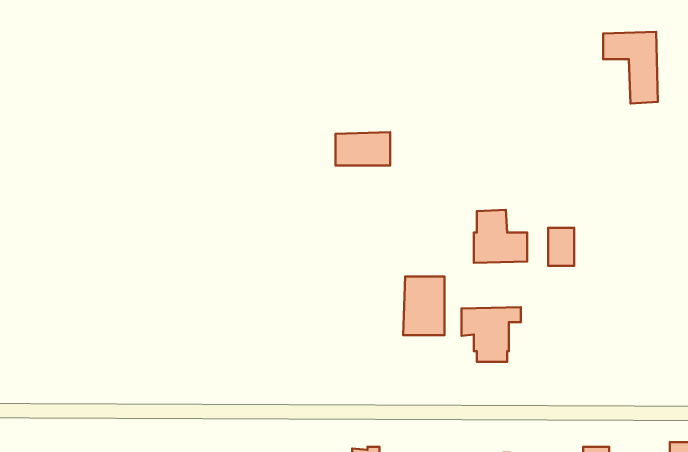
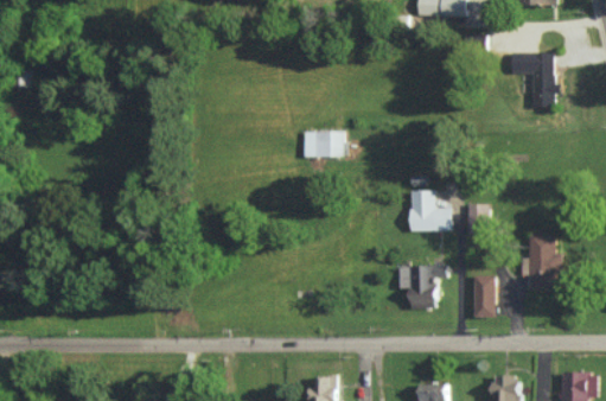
building: none -> [529,235,561,291]
building: [403,276,445,335] -> none
building: none -> [474,276,495,318]

